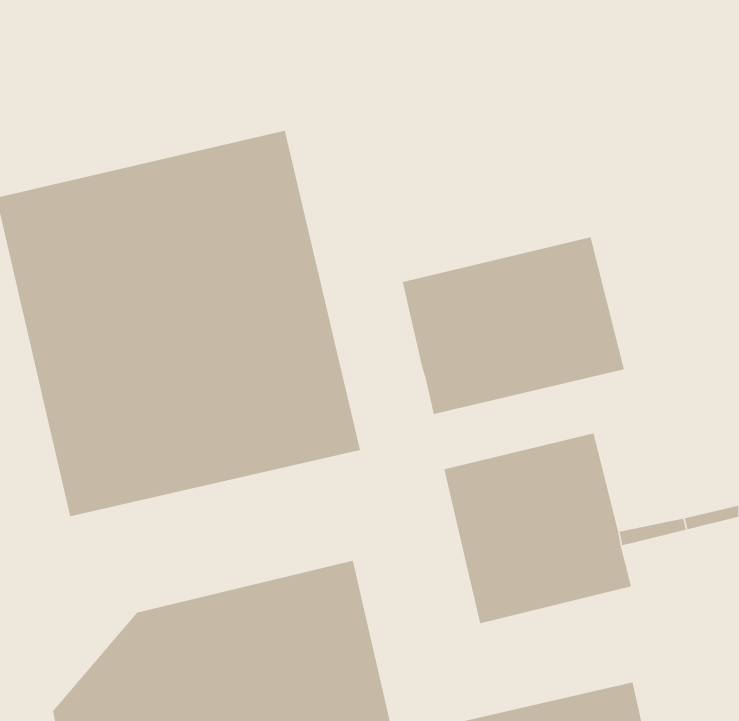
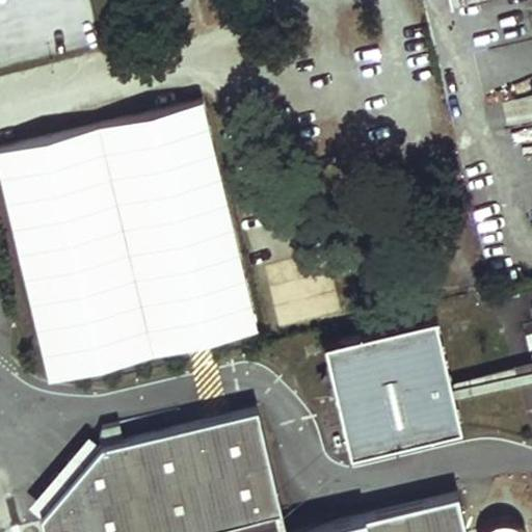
building: [402,236,624,415] -> none

